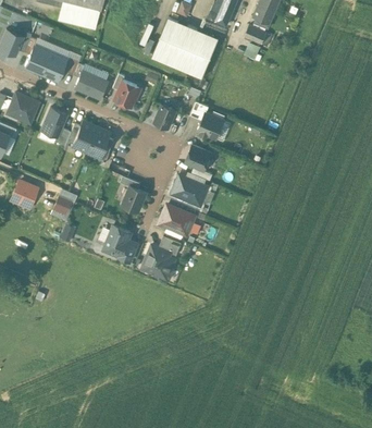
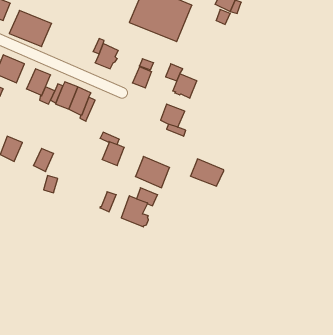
building: [74,71,108,99] -> none
building: [172,174,208,204] -> [190,159,224,186]
building: [103,225,131,256] -> none

